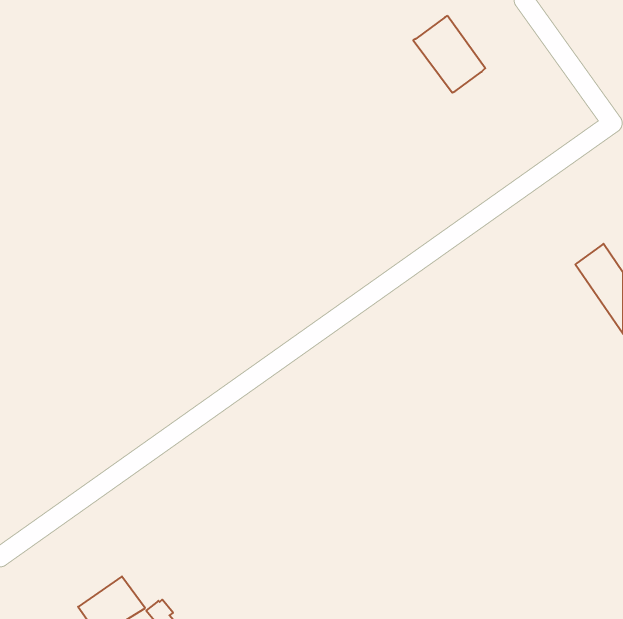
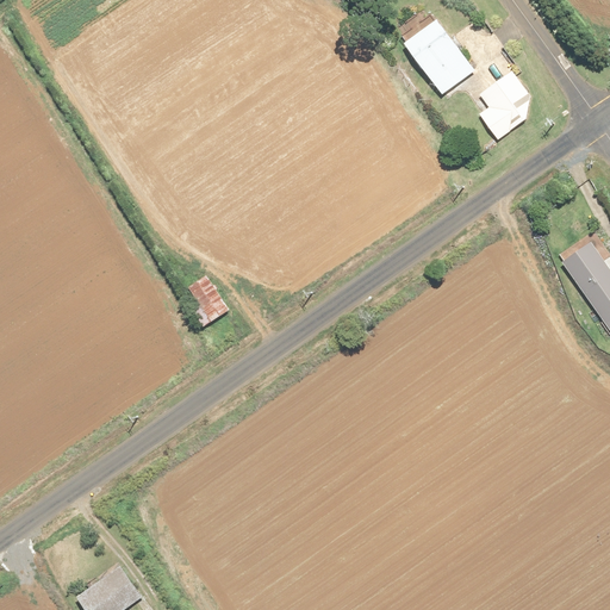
building: none -> [480,71,531,141]
building: none -> [188,275,229,328]

